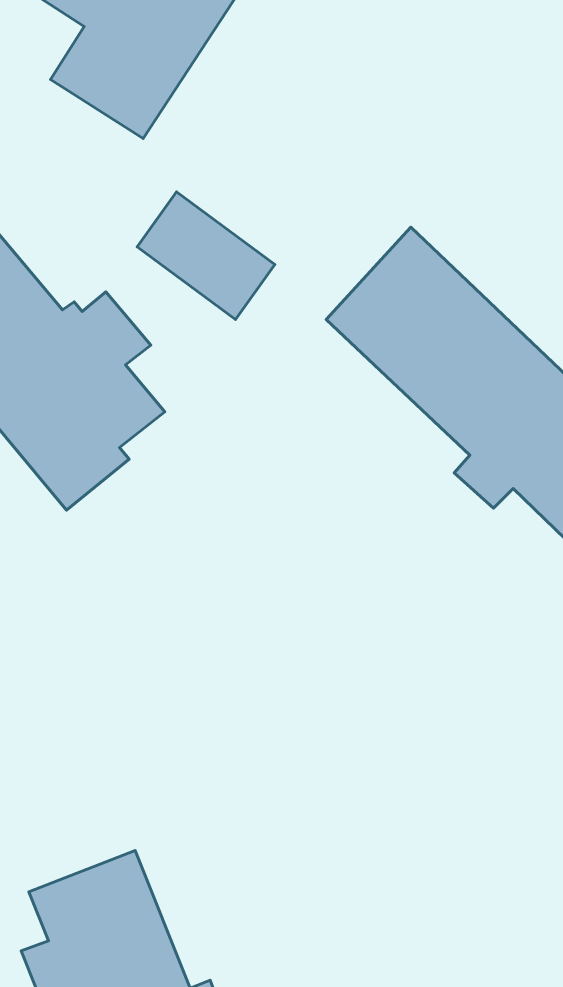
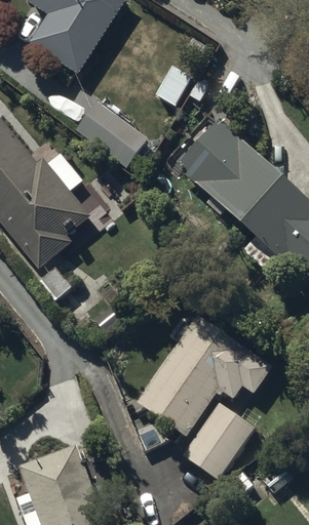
building: none -> [138,317,272,436]
building: none -> [182,401,254,479]

